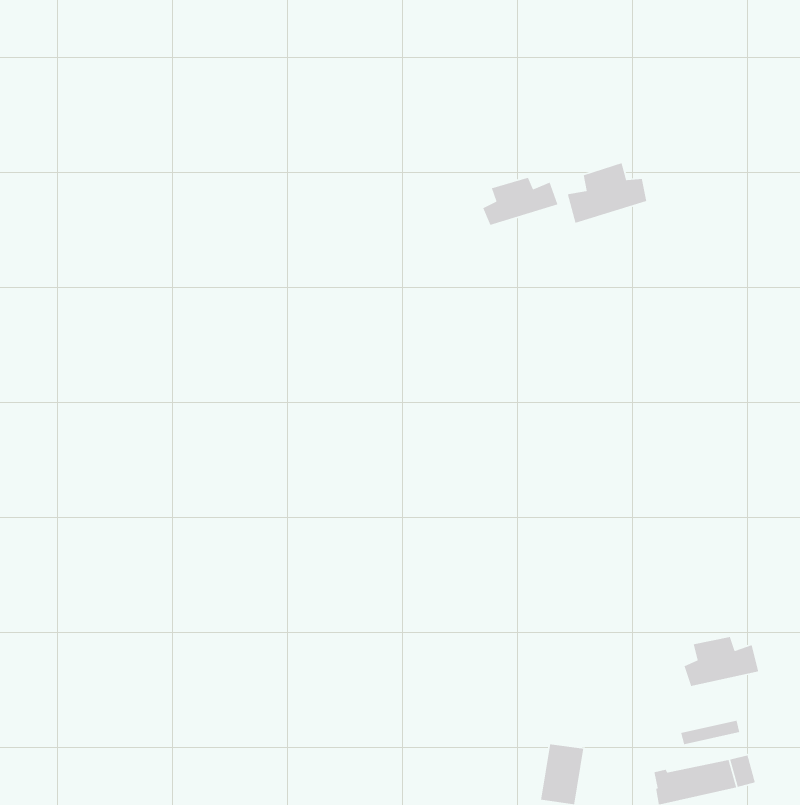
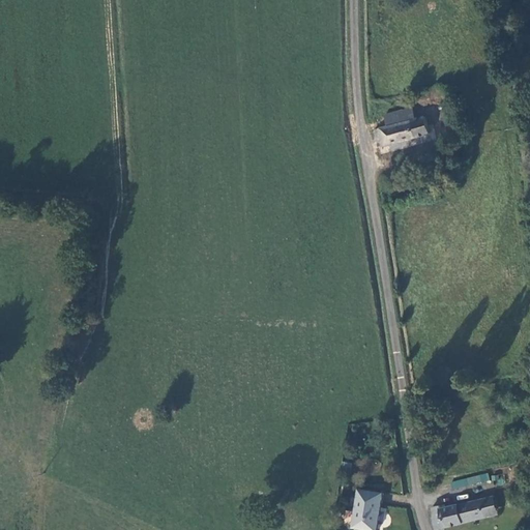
building: [482,177,559,226] -> none
building: [683,636,759,687] -> none

